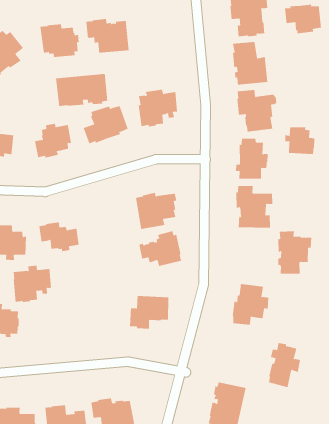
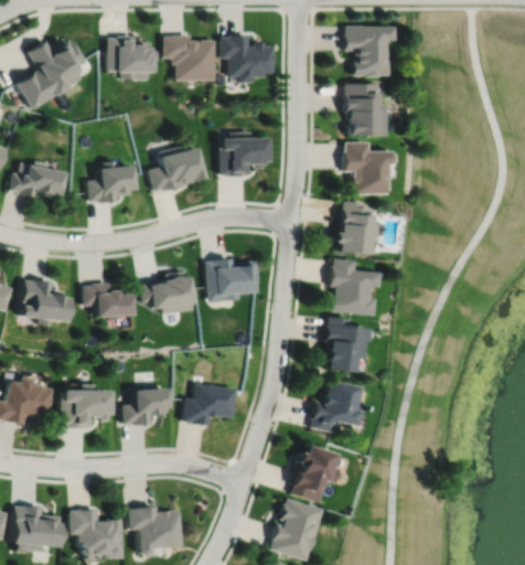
building: [285,4,321,34] -> none
building: none -> [223,36,277,81]
building: [55,73,108,107] -> none
building: [285,126,315,155] -> none
building: [139,231,182,267] -> [142,270,194,313]
building: [277,231,312,274] -> [323,317,369,372]
building: [13,265,52,302] -> [62,384,109,428]
building: none -> [125,387,170,425]
building: [268,342,301,388] -> [293,445,336,502]

